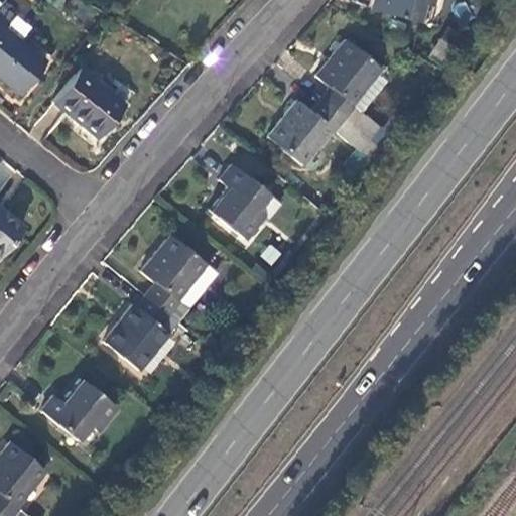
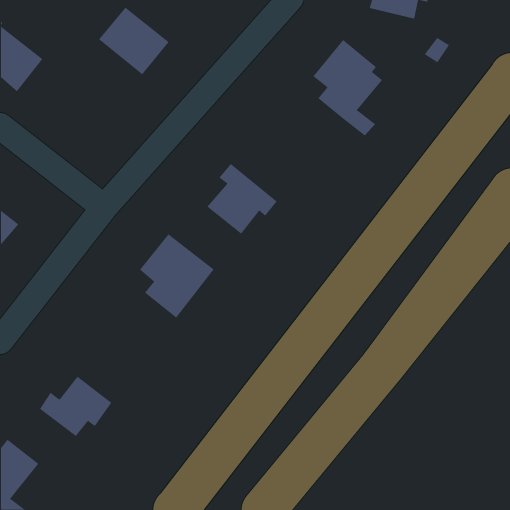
building: [51,69,123,137] -> [98,7,169,75]
building: [269,99,370,164] -> none
building: [105,294,179,369] -> none

